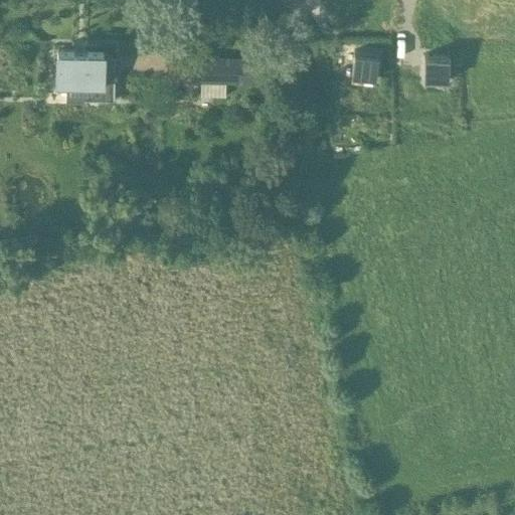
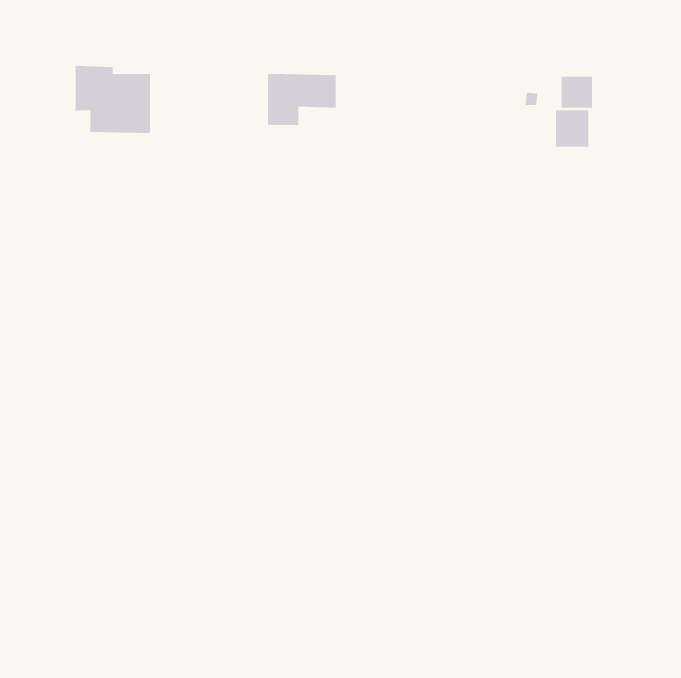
building: [352,52,379,78] -> none
building: none -> [555,109,589,148]

